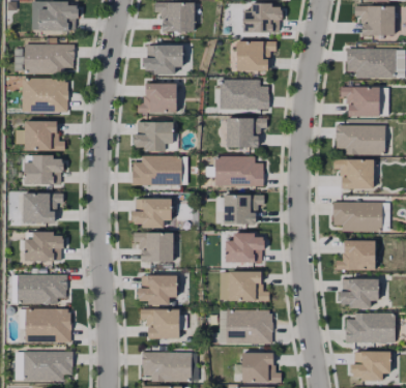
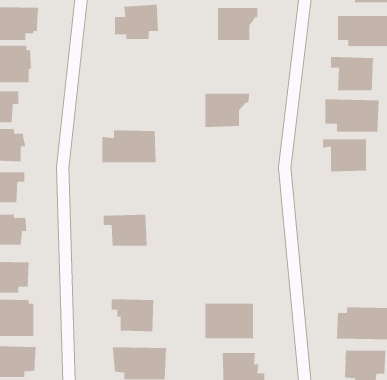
building: [145,81,177,111] -> none
building: [220,82,268,111] -> none
building: [135,120,174,149] -> none
building: [214,159,263,188] -> none
building: [133,197,172,227] -> none
building: [224,199,263,228] -> none
building: [332,204,382,233] -> none
building: [225,238,263,265] -> none
building: [336,242,374,273] -> none
building: [138,273,178,303] -> none
building: [229,275,268,303] -> none
building: [340,280,377,309] -> none

